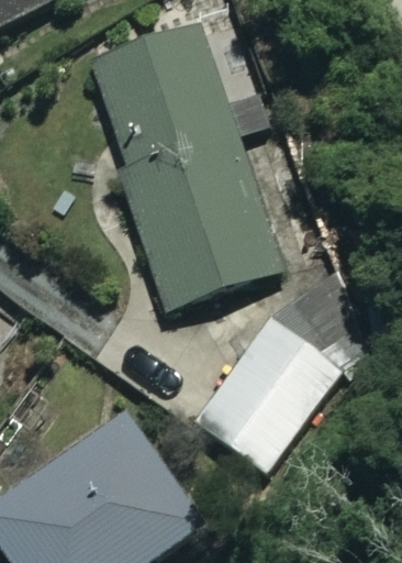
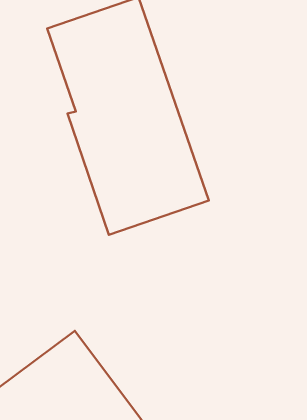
building: [197,313,340,466] -> none

